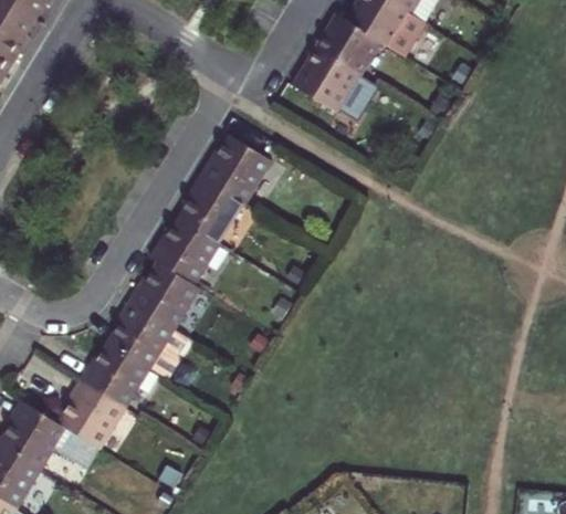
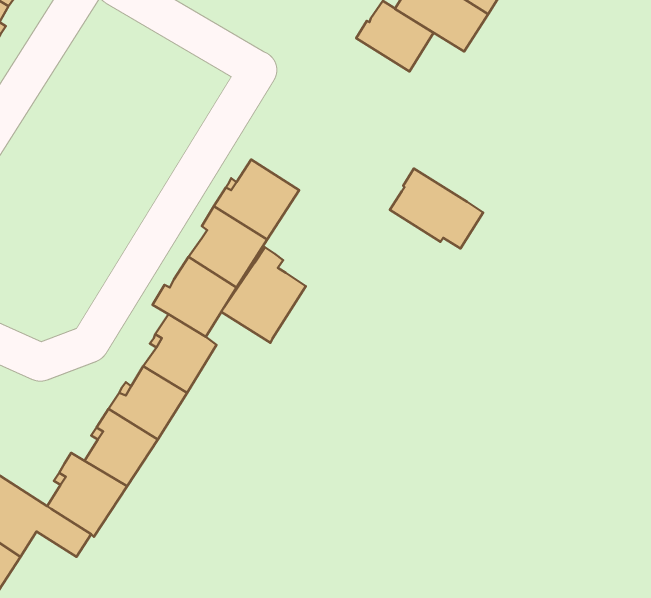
building: [294,43,371,109] -> [390,169,483,249]
building: none -> [221,247,306,343]

